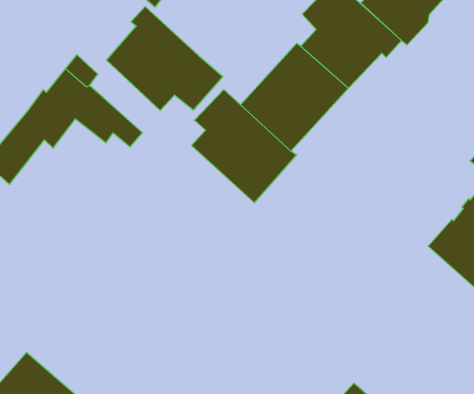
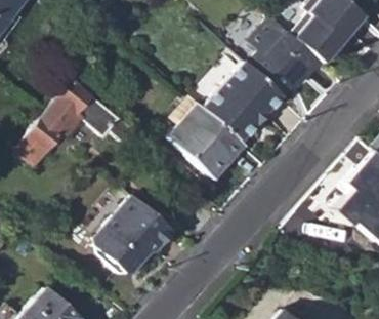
building: [107,6,223,111] -> none
building: none -> [90,194,171,275]

